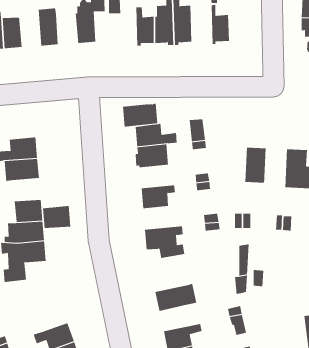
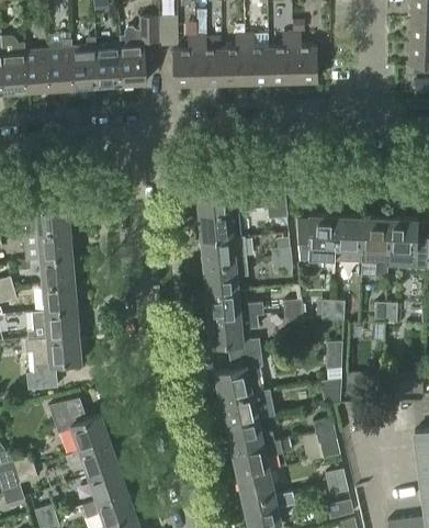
building: none -> [47,33,75,88]
building: none -> [268,34,294,85]
building: none -> [172,36,197,88]
building: none -> [95,44,122,85]
building: [122,103,158,127] -> [201,238,247,269]
building: none -> [297,215,338,261]
building: none -> [362,217,390,278]
building: [42,205,71,229] -> [38,256,76,285]
building: none -> [205,292,263,322]
building: none -> [214,353,262,402]
building: none -> [48,398,110,452]
building: none -> [226,419,280,452]

